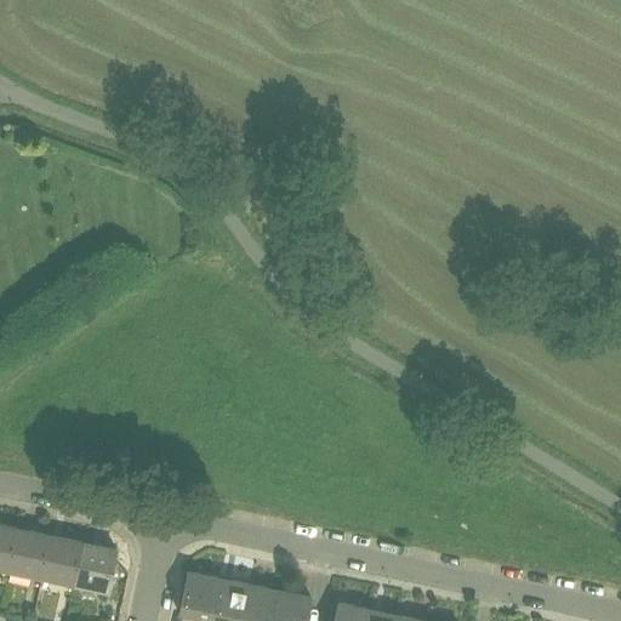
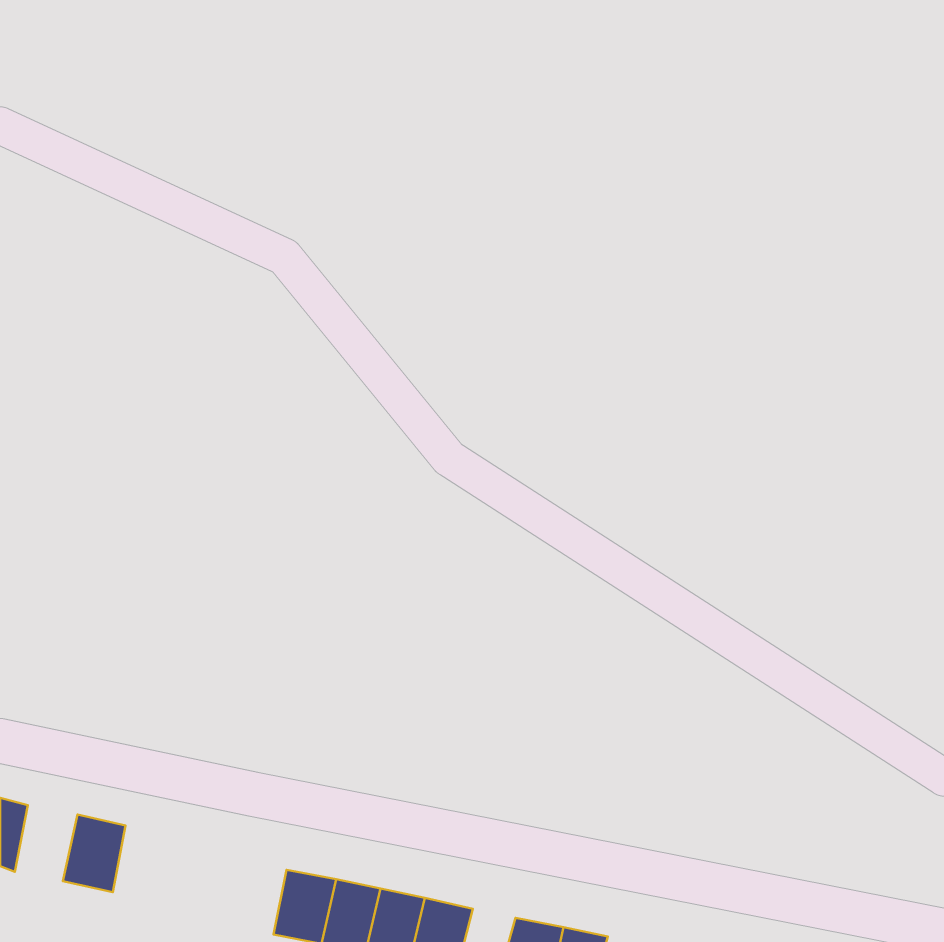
building: [10,530,51,580] -> none
building: [74,543,116,593] -> none

